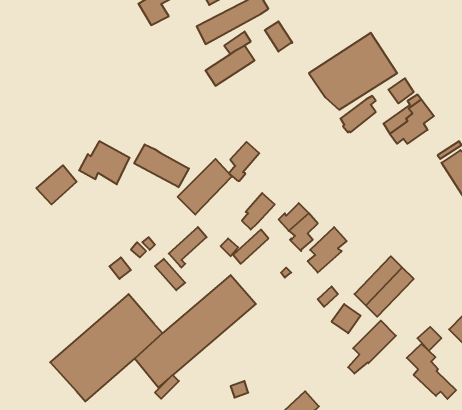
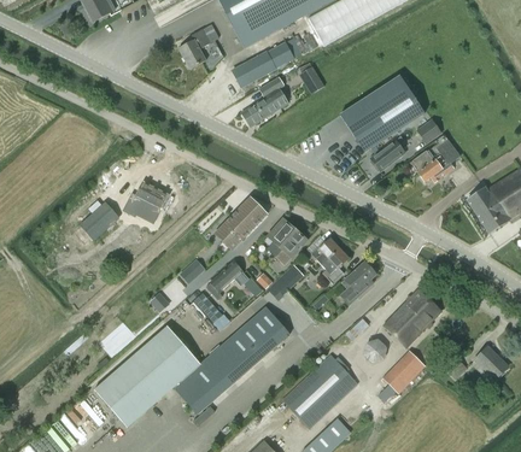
building: [229,142,259,181] -> [267,217,295,254]
building: [134,144,189,187] -> none
building: none -> [283,354,356,427]
building: [407,344,456,399] -> none

